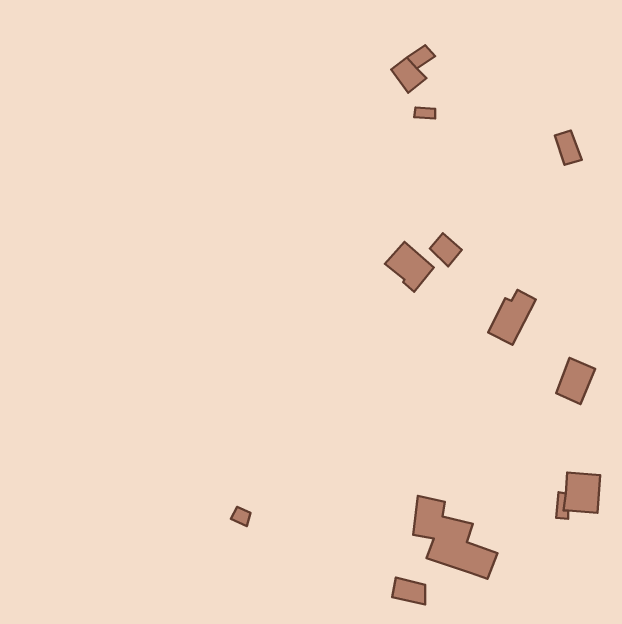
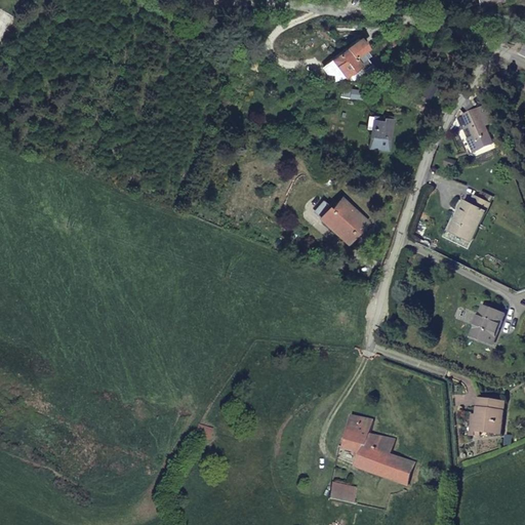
building: none -> [370,116,393,149]
building: [430,233,462,266] -> none
building: [488,290,536,345] -> [451,194,491,240]

